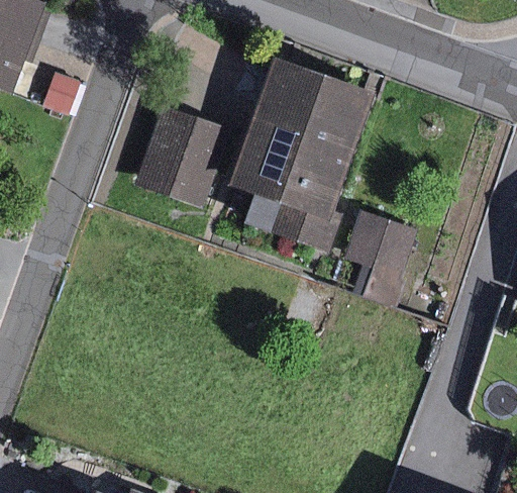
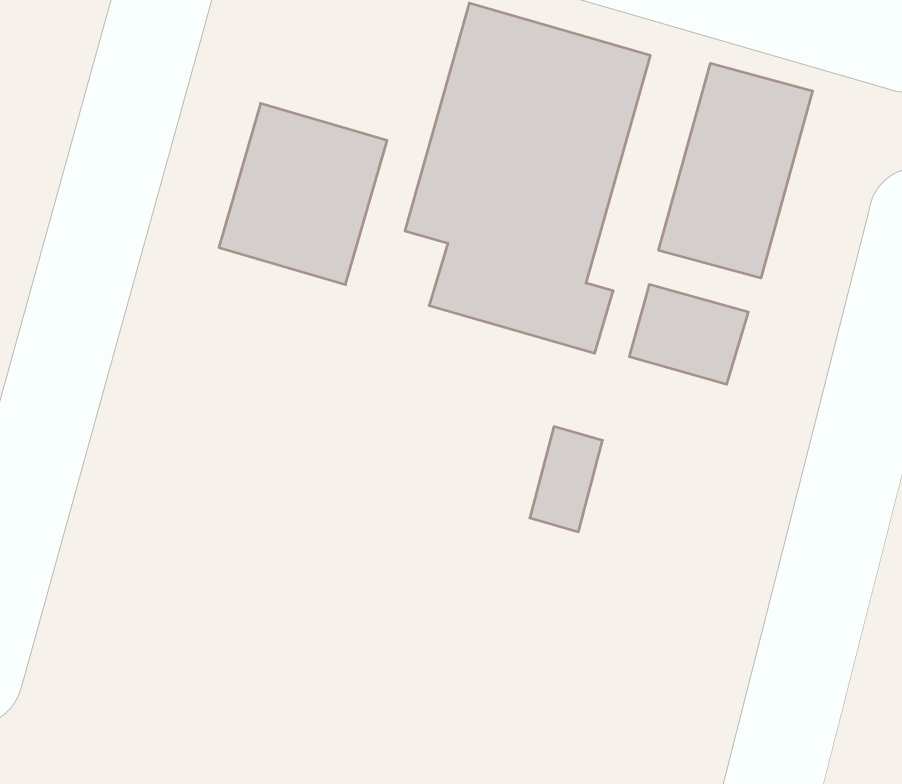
building: none -> [659,63,813,278]

